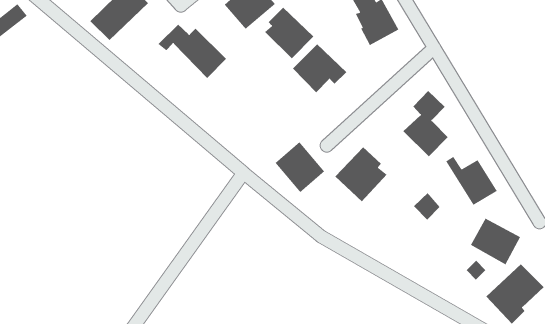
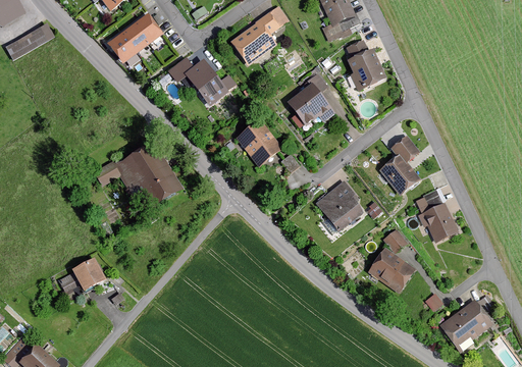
building: [264,7,314,59] -> none
building: none -> [92,143,181,213]
building: [275,141,325,193] -> [237,120,281,167]
building: [470,218,521,265] -> [368,249,415,294]
building: none -> [58,259,104,292]

